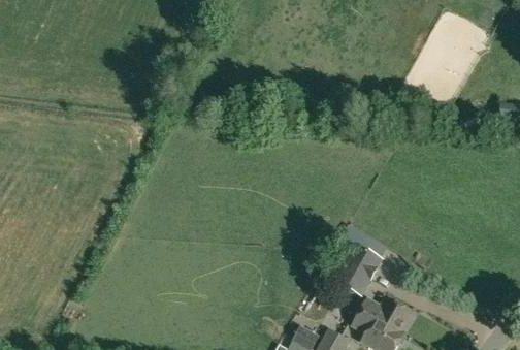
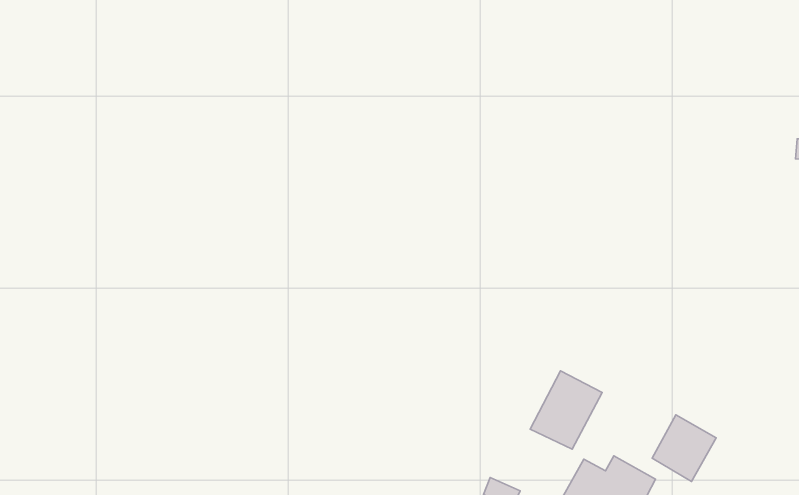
building: none -> [652,415,716,482]

